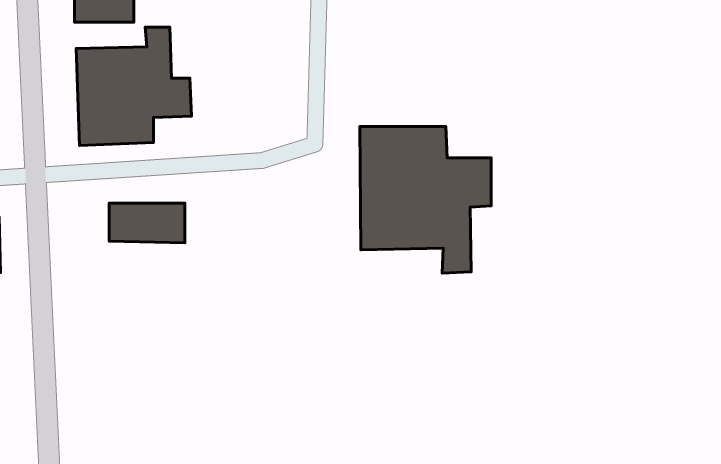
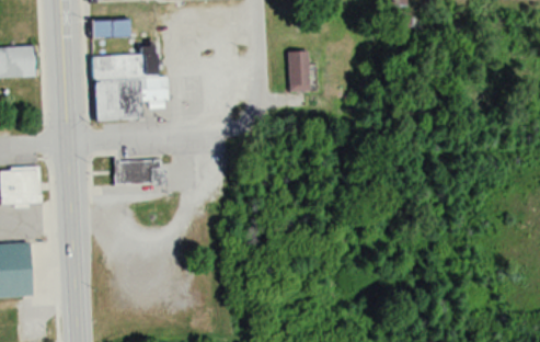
building: none -> [288,52,308,90]
building: [360,127,491,273] -> none

